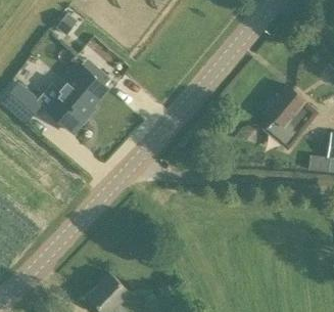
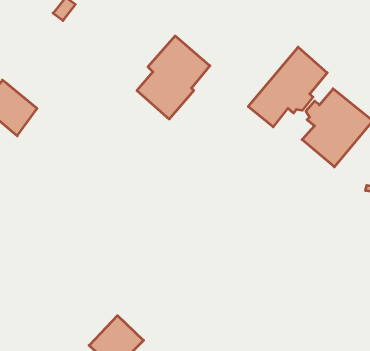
building: none -> [248,47,327,127]
building: [47,63,107,132] -> [137,36,210,119]

